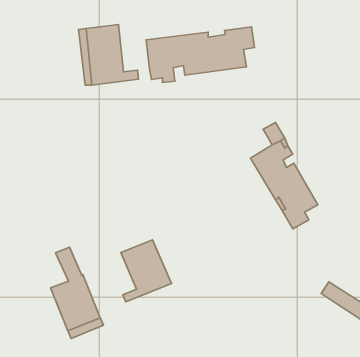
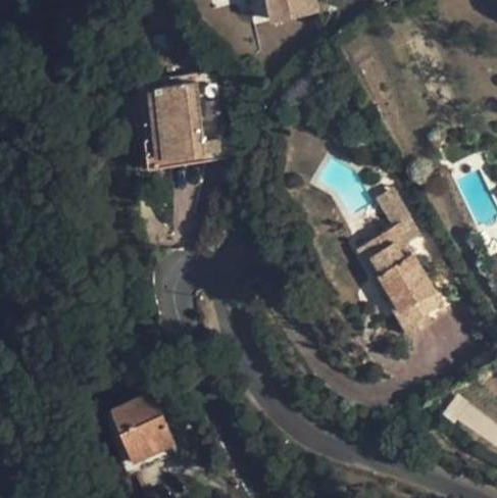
building: [146,27,255,83] -> none
building: [121,240,172,302] -> none

